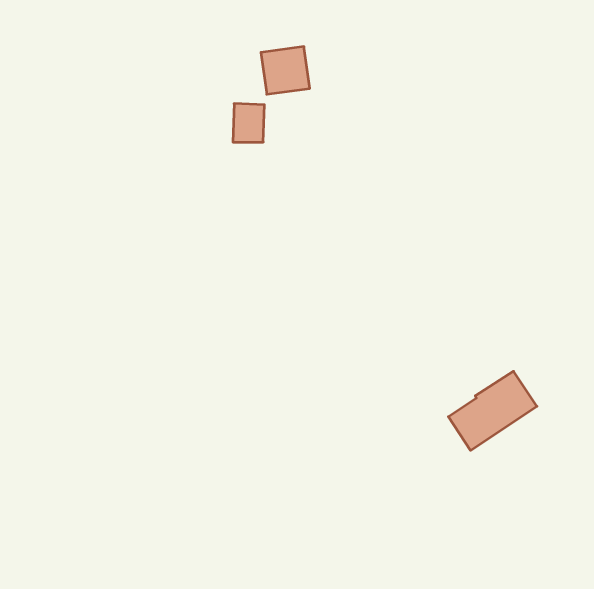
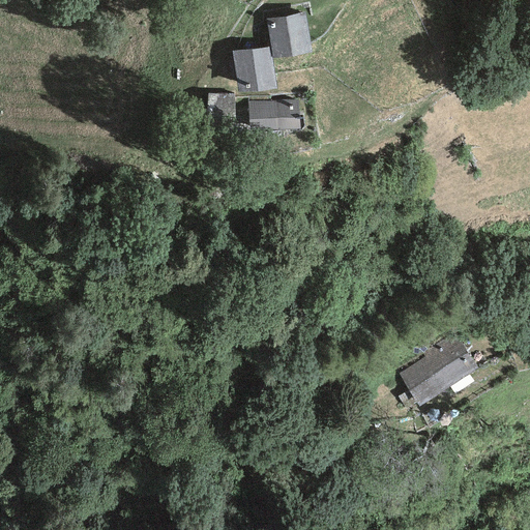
building: none -> [266,10,312,54]
building: none -> [248,100,299,131]

